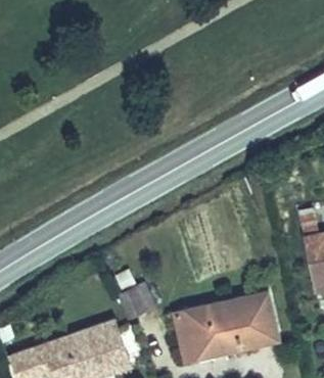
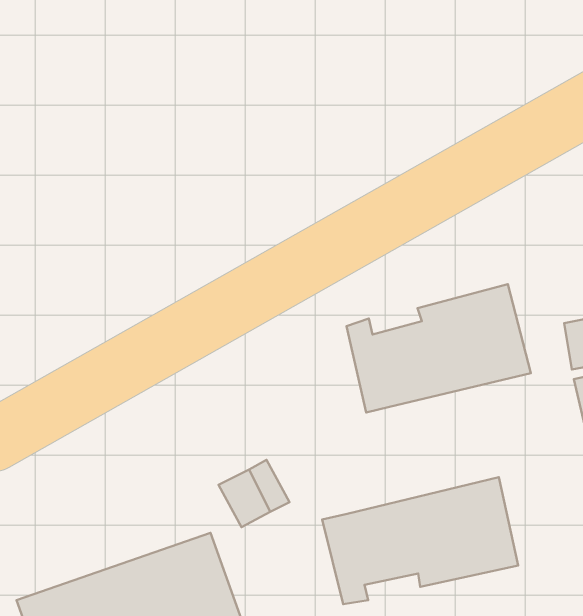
building: none -> [346,284,531,413]

